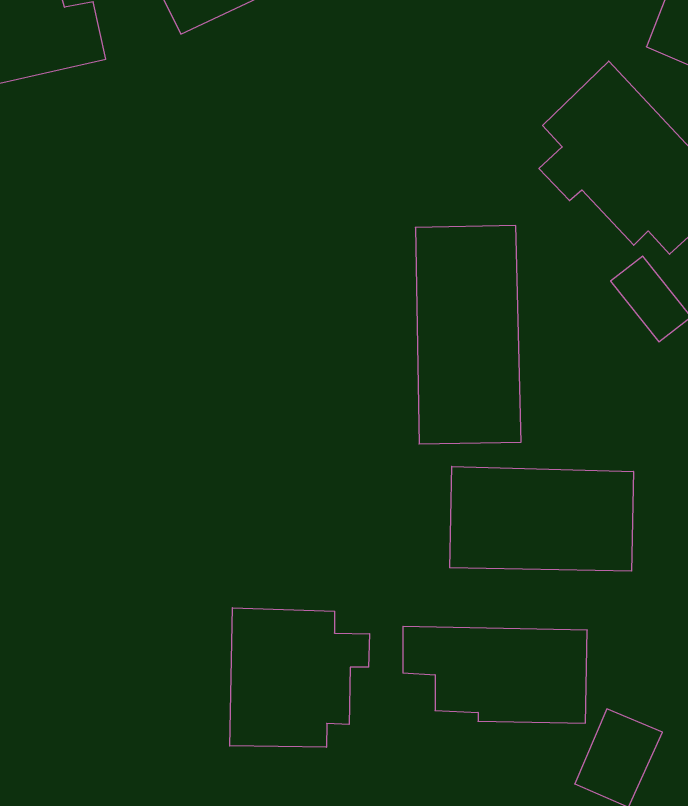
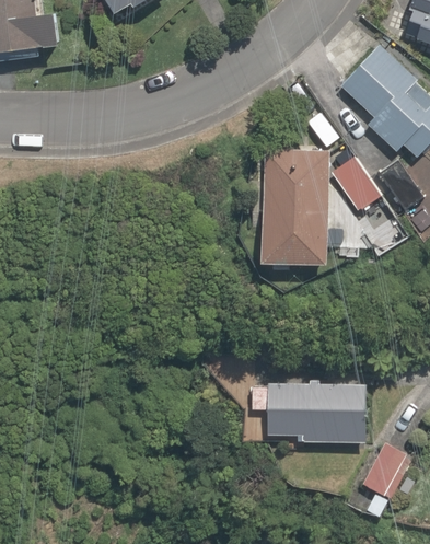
building: none -> [326,149,382,210]
building: [450,466,633,571] -> none
building: [230,608,370,747] -> none

